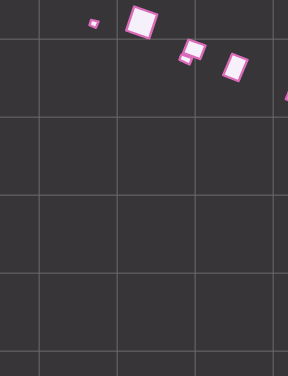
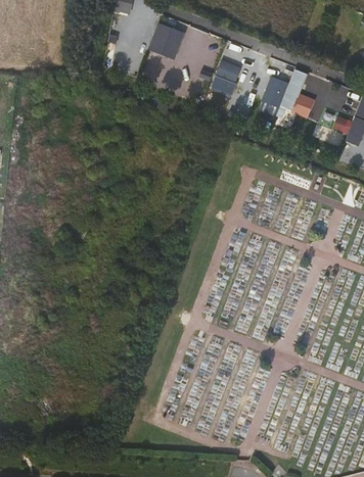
building: none -> [280,95,313,118]

